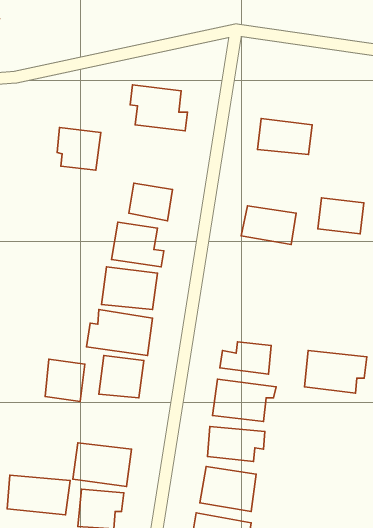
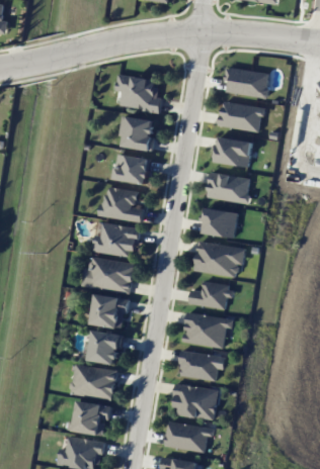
building: none -> [224,68,269,99]
building: [57,128,101,170] -> [119,116,155,151]
building: [318,198,364,234] -> [214,137,251,167]
building: none -> [202,207,238,240]
building: [304,351,367,393] -> [194,243,245,277]
building: [45,359,85,402] -> [88,331,121,365]
building: [7,475,70,515] -> none

